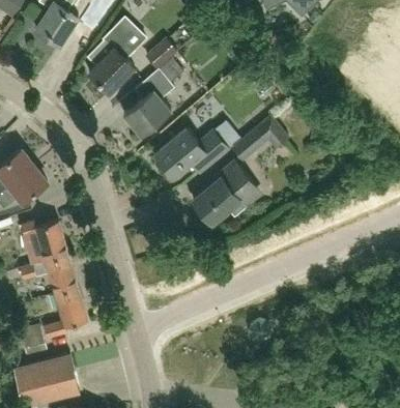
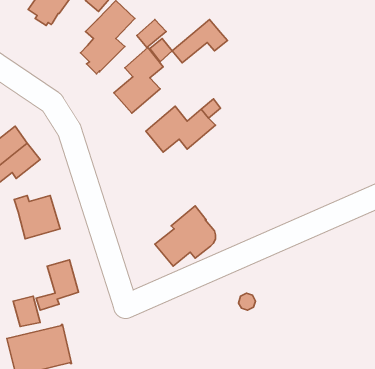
building: [232,116,289,161] -> [172,19,227,63]
building: [193,161,255,223] -> [155,206,215,266]
building: [20,255,78,293] -> none

